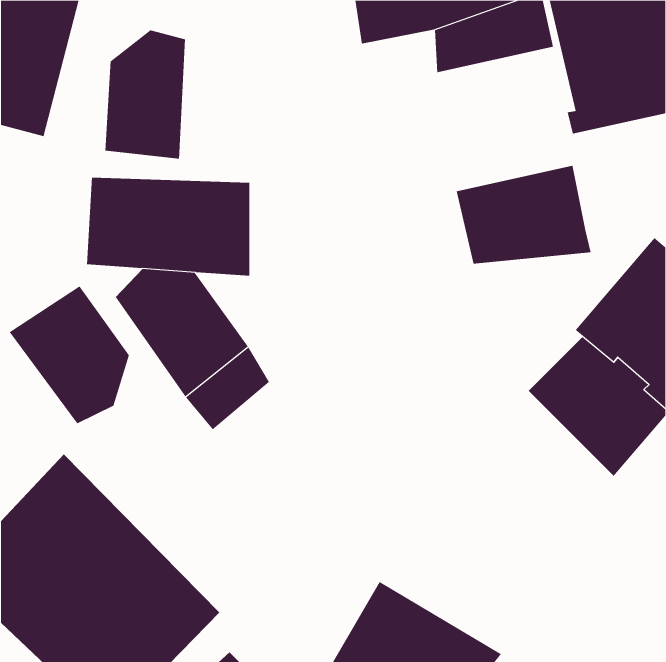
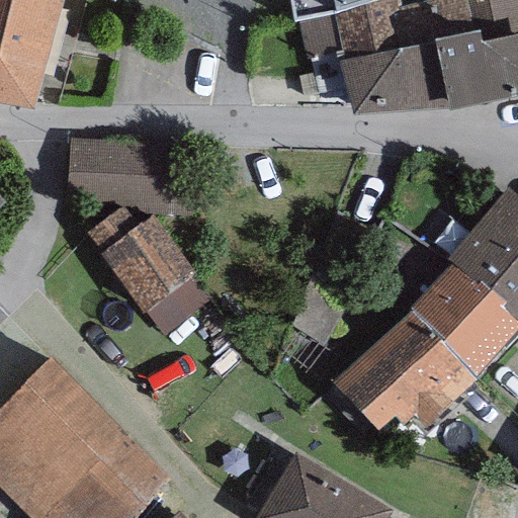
building: [105,29,185,160] -> none
building: [456,165,591,264] -> [339,39,444,116]
building: [9,286,130,424] -> none
building: none -> [334,311,474,429]

